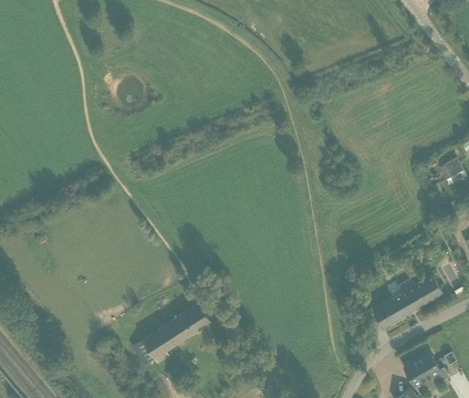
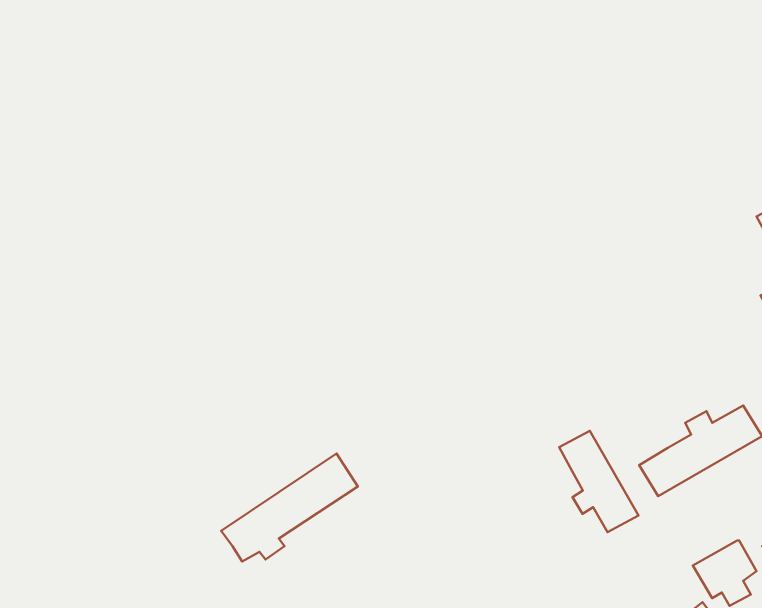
building: none -> [559,431,639,532]

